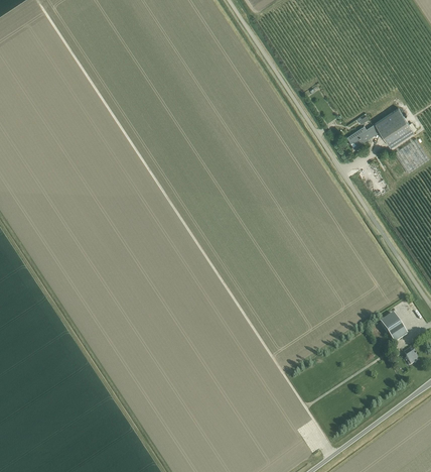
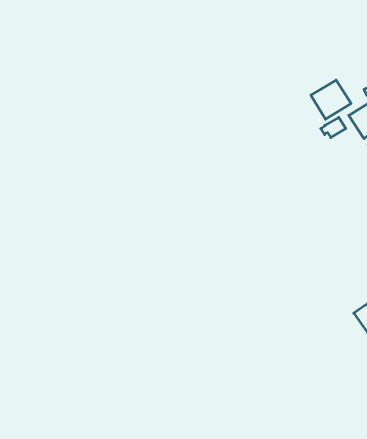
building: none -> [311,80,351,119]

